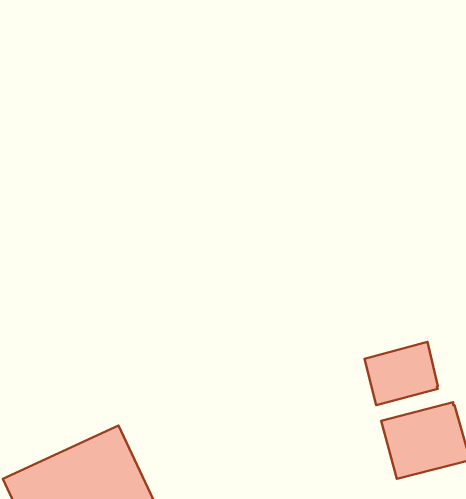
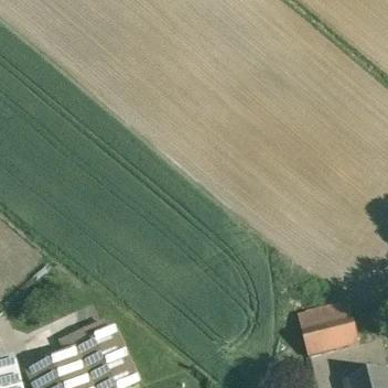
building: [365,342,438,405] -> none

